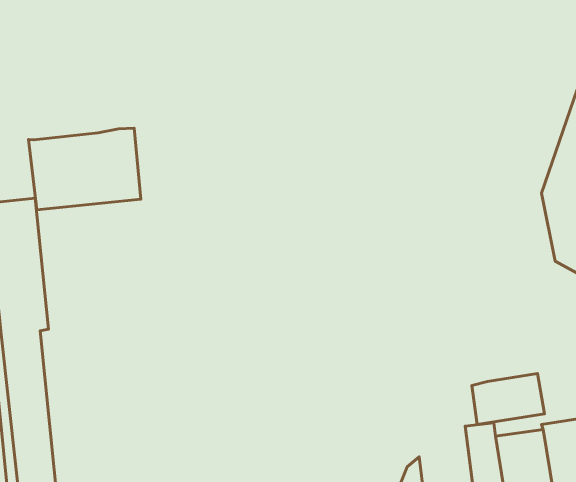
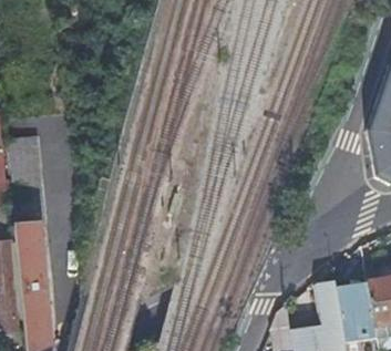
building: [29,128,141,210] -> none
building: [472,374,544,425] -> none

